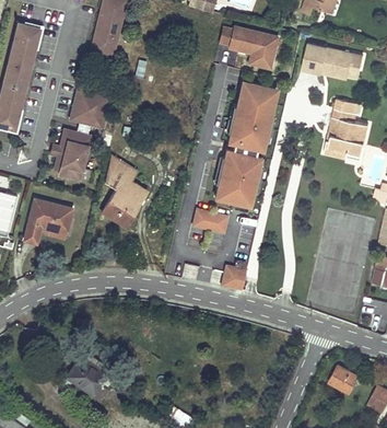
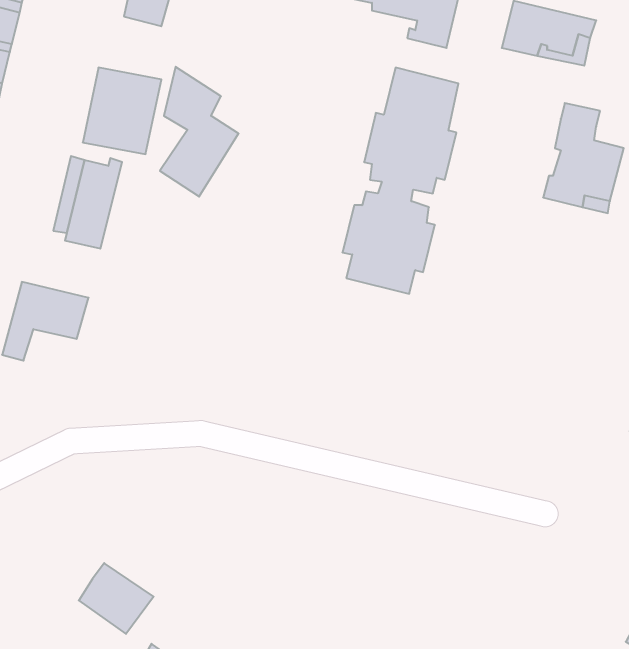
building: [103,154,146,227] -> [160,67,239,197]
building: [192,208,227,232] -> none
building: [221,265,247,290] -> none
building: [329,366,357,393] -> none

